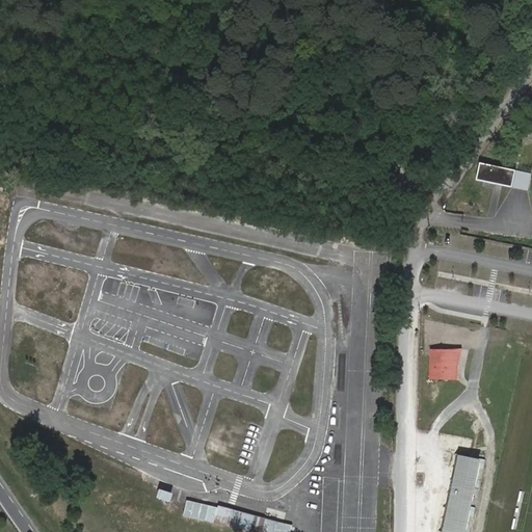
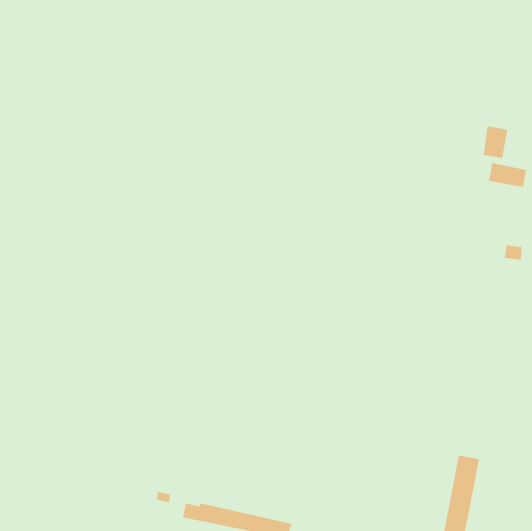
building: none -> [483,126,508,159]
building: [431,349,463,380] -> none

